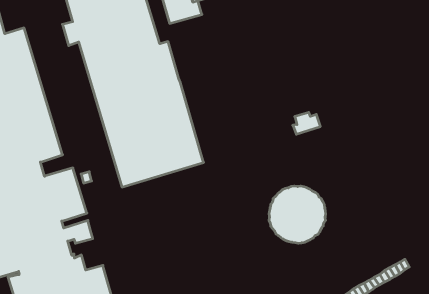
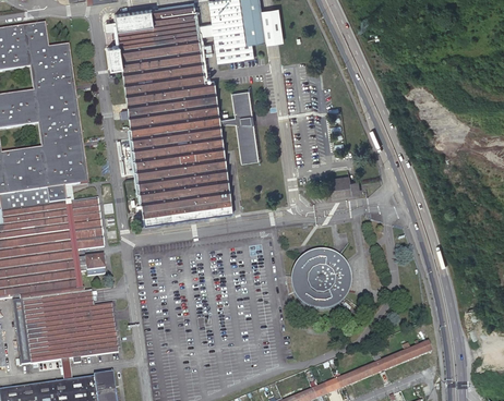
building: none -> [219,92,259,165]

